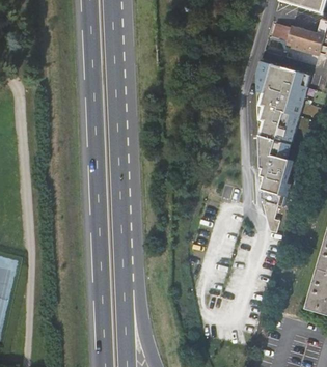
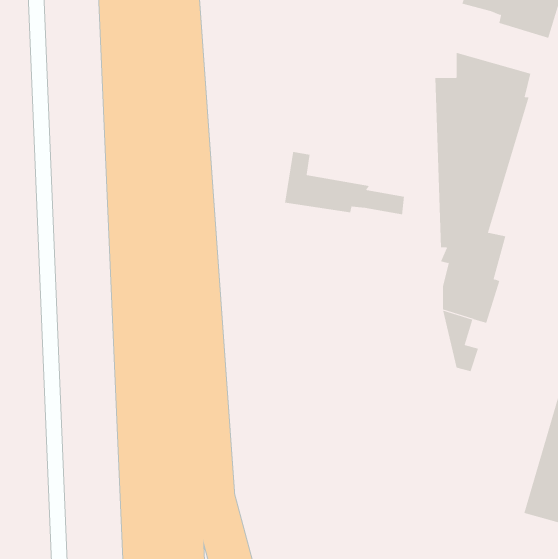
building: none -> [285,151,405,215]

